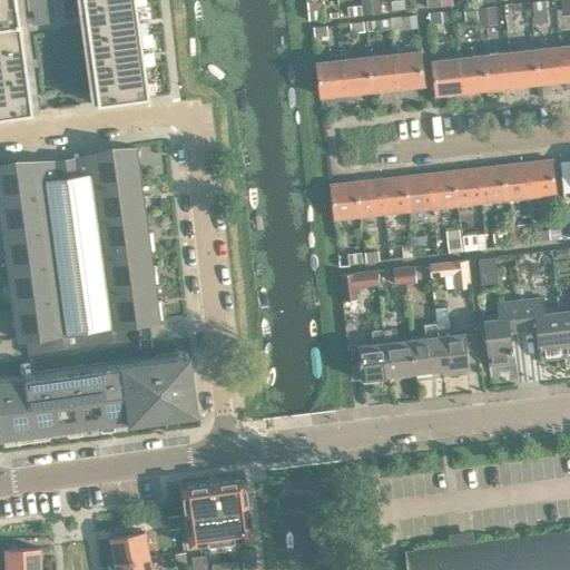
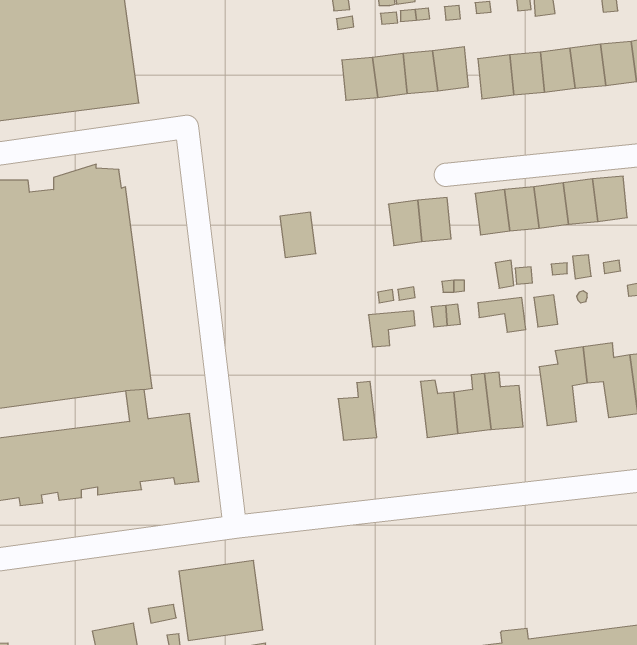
building: [405,174,433,212] -> none
building: [331,183,361,220] -> [280,212,316,258]
building: [356,331,389,380] -> [338,381,377,440]

